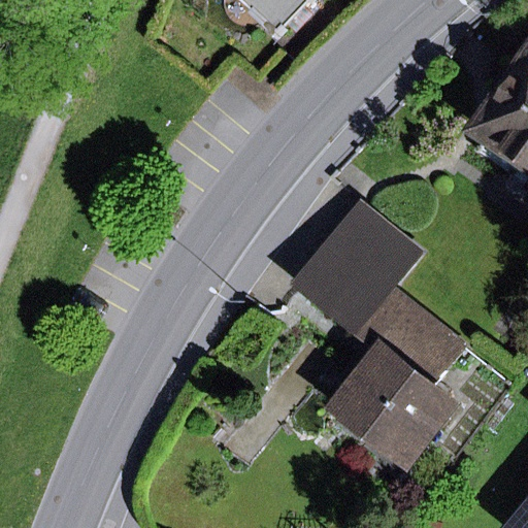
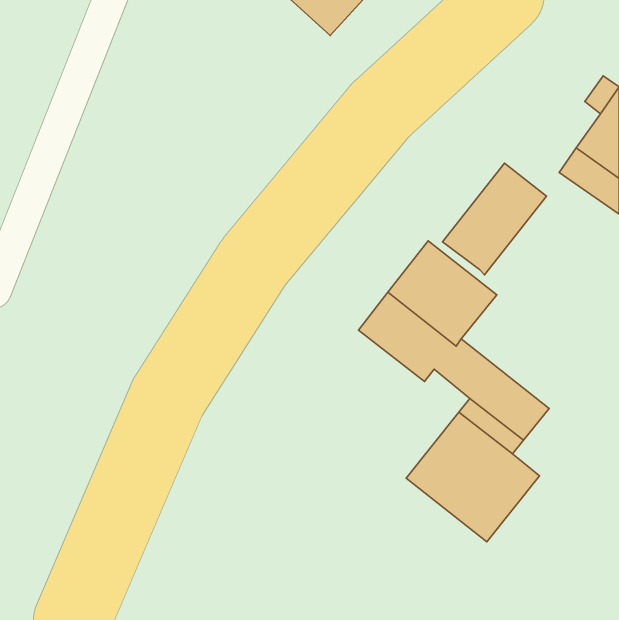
building: none -> [443,163,546,275]

